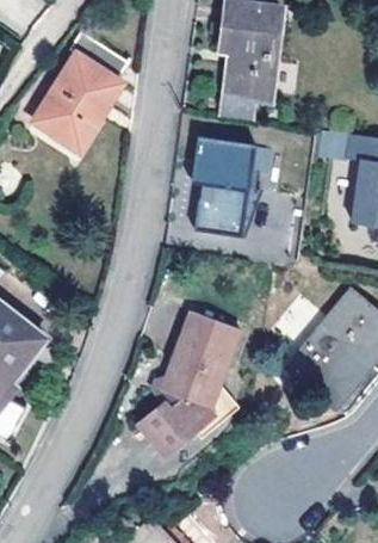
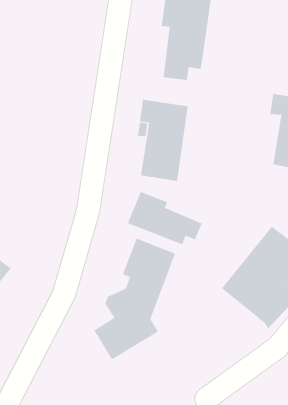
building: [35,33,128,152] -> none
building: none -> [127,191,203,245]

